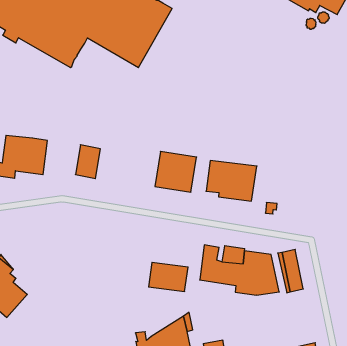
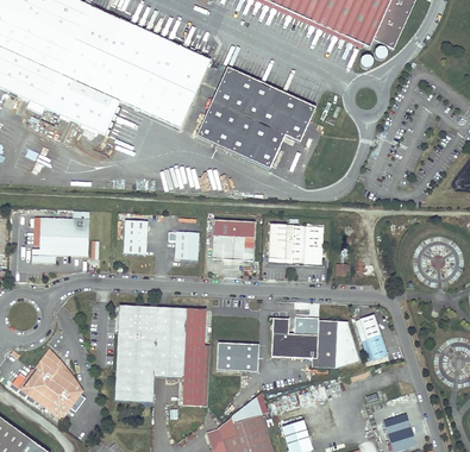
building: none -> [196,67,315,168]
building: none -> [168,230,199,258]
building: none -> [114,306,203,404]

